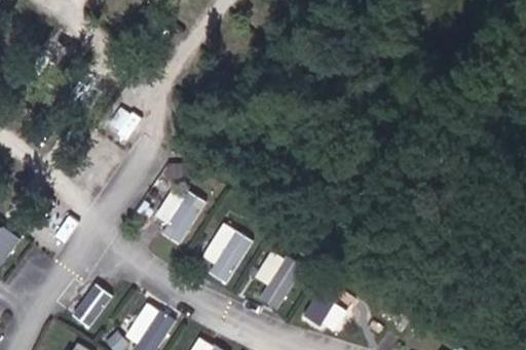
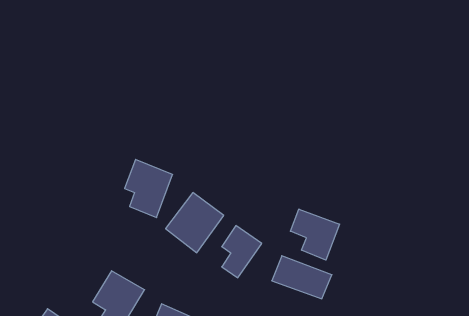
building: none -> [290,209,340,260]
building: [69,283,113,328] -> none

